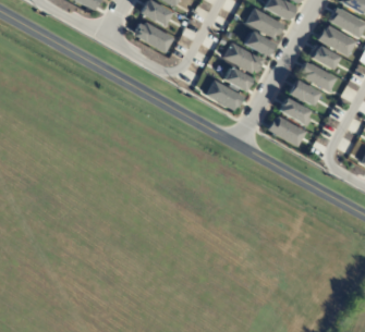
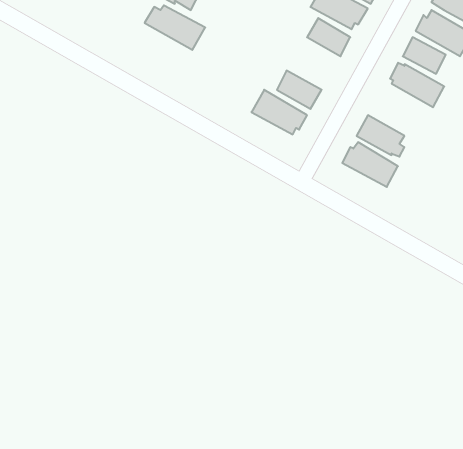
building: [224,41,266,73] -> none
building: [289,79,320,106] -> none

